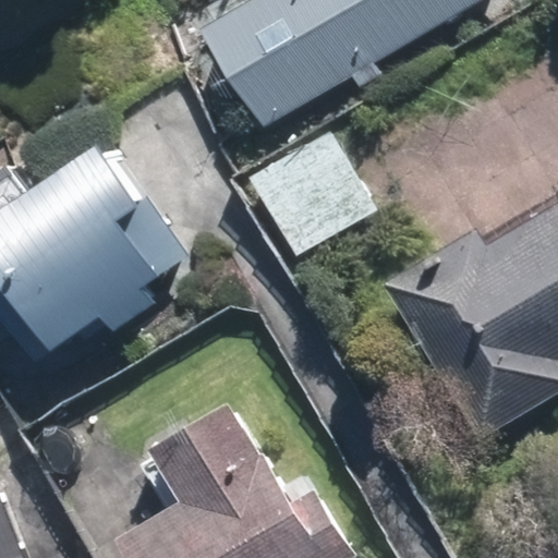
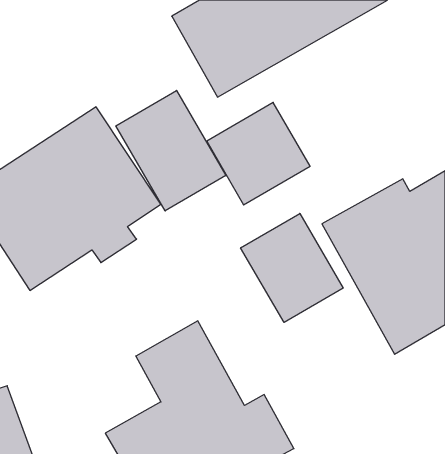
building: none -> [116,90,226,211]
building: none -> [241,213,343,322]

